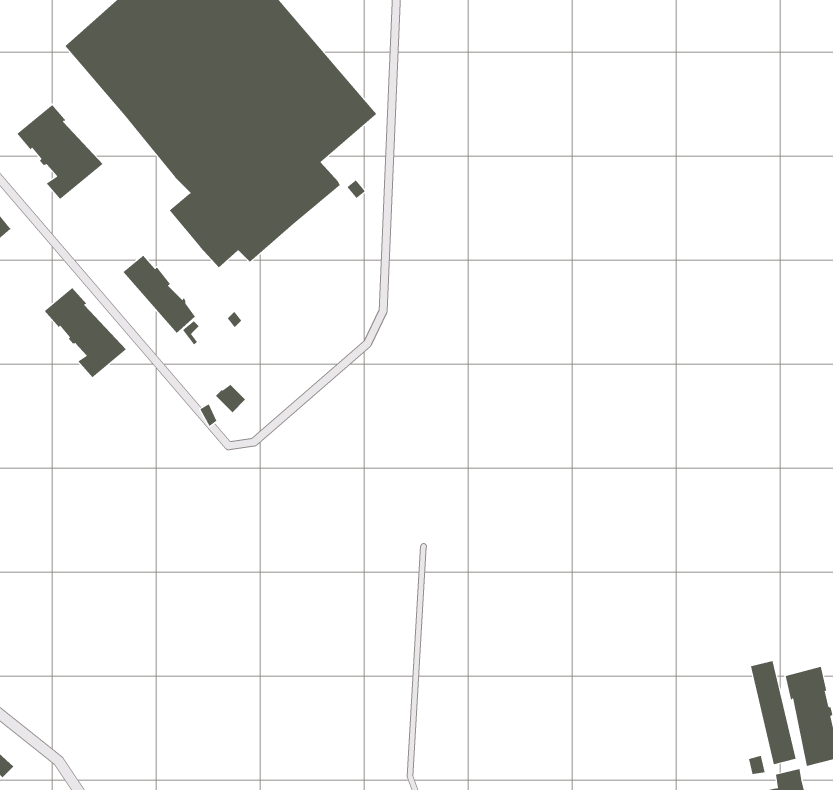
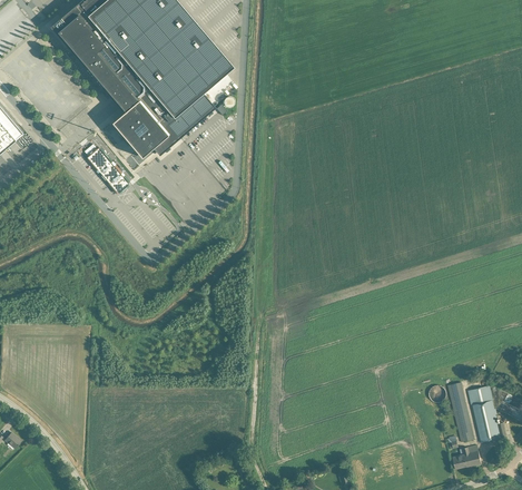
building: [16,104,104,200] -> none
building: [44,287,127,378] -> none

